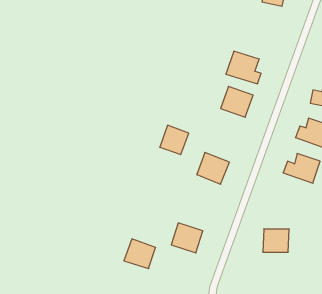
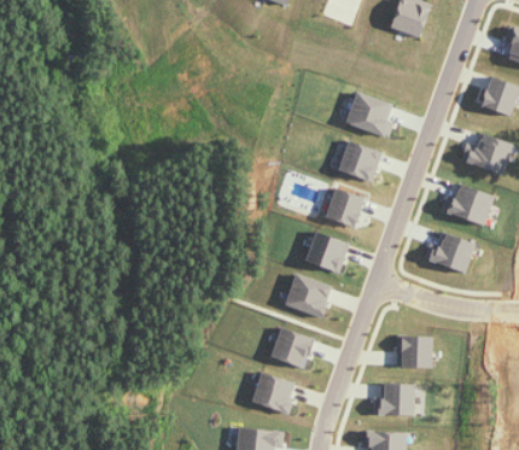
building: [160,125,189,154] -> [323,187,363,227]
building: none -> [284,273,332,318]
building: [124,239,156,269] -> [250,372,293,413]
building: none -> [372,384,414,415]

